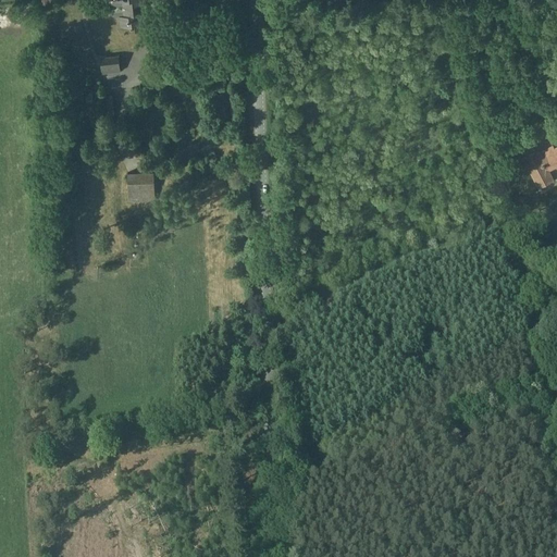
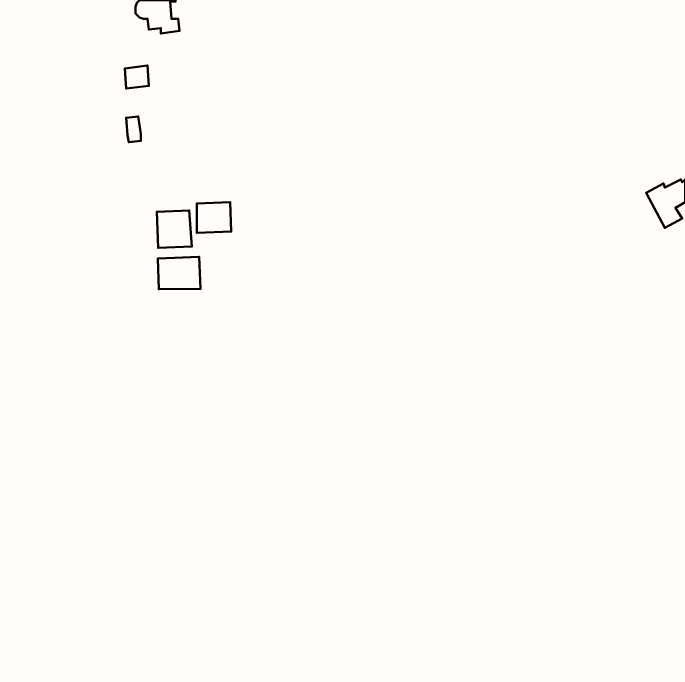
building: none -> [197,202,231,233]
building: none -> [158,257,201,289]

